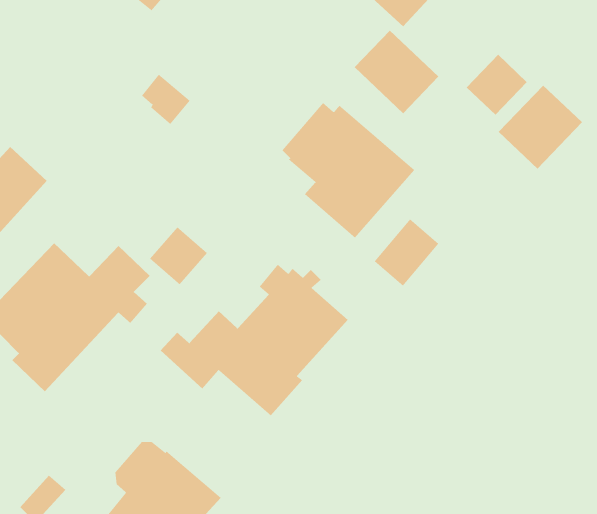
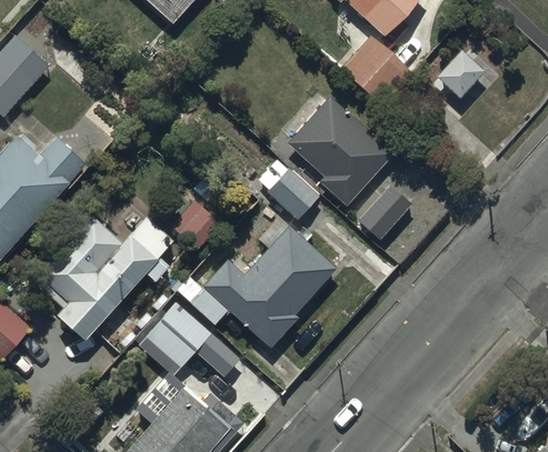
building: [498,85,583,169] -> none
building: none -> [258,161,319,221]
building: none -> [143,302,211,370]

